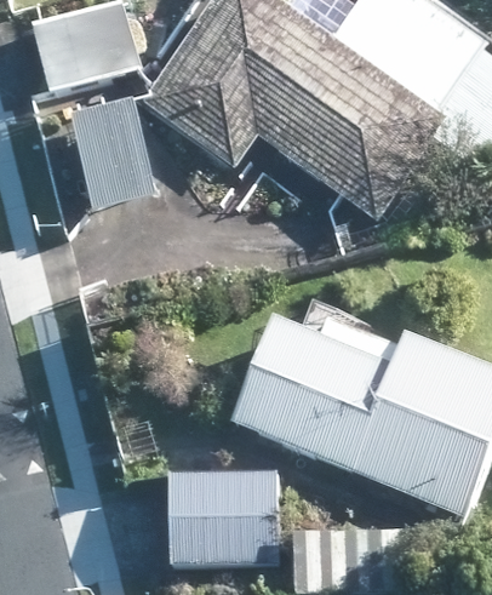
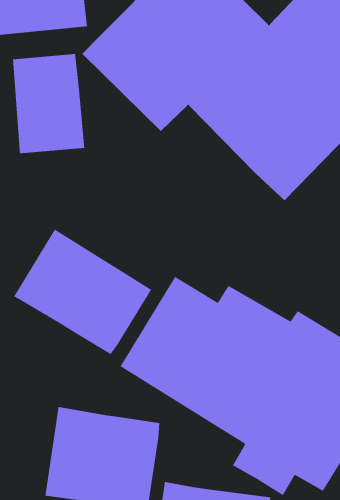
building: none -> [13,229,152,355]

